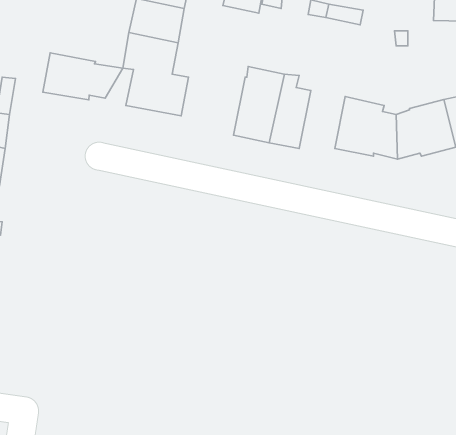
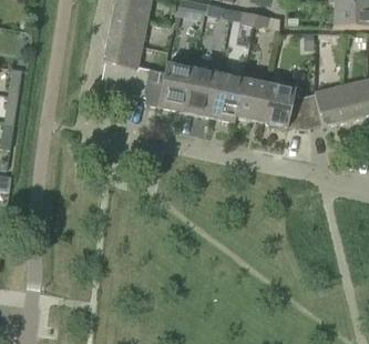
building: [43,53,123,100] -> none
building: none -> [145,62,193,111]
building: none -> [233,78,267,121]

